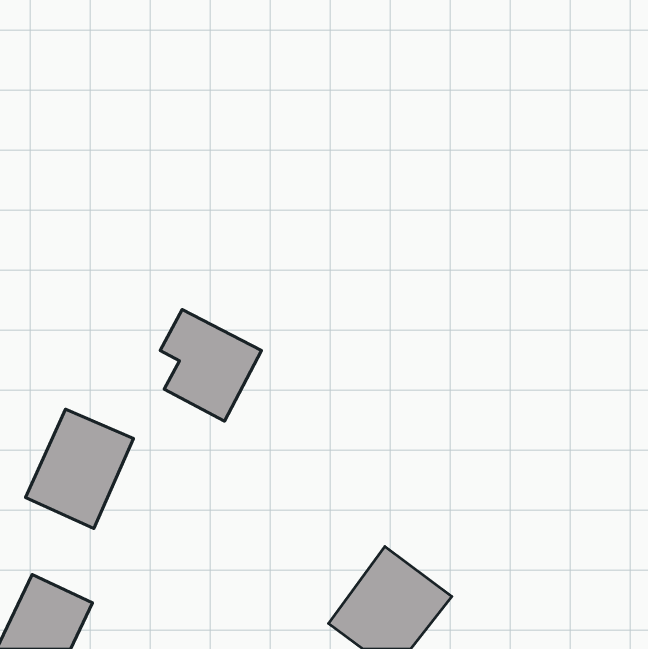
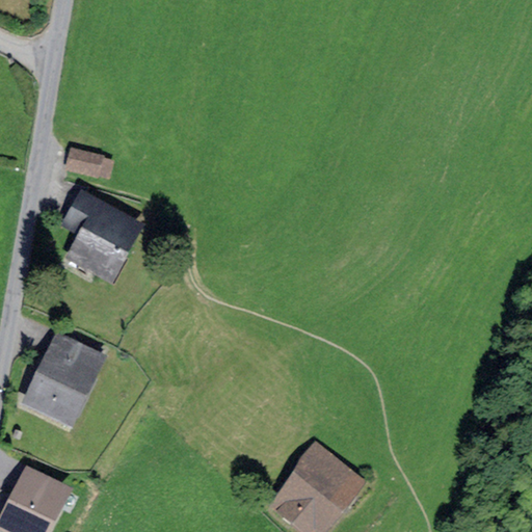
building: none -> [61,148,103,177]
building: [160,310,262,421] -> [59,191,141,282]

